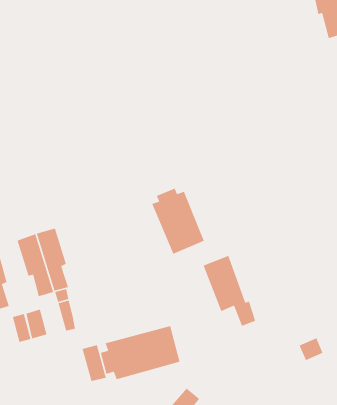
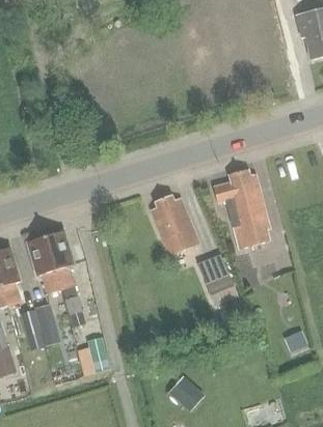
building: none -> [213,169,269,249]
building: [100,325,181,380] -> none

